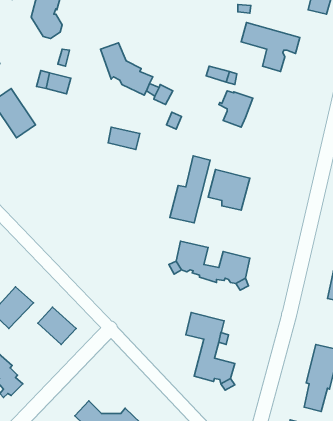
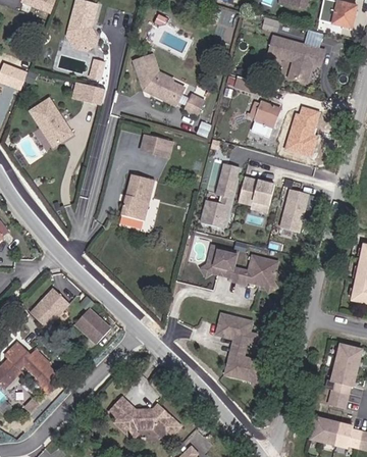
building: none -> [281,105,319,158]
building: none -> [120,174,154,220]
building: none -> [279,190,309,233]

